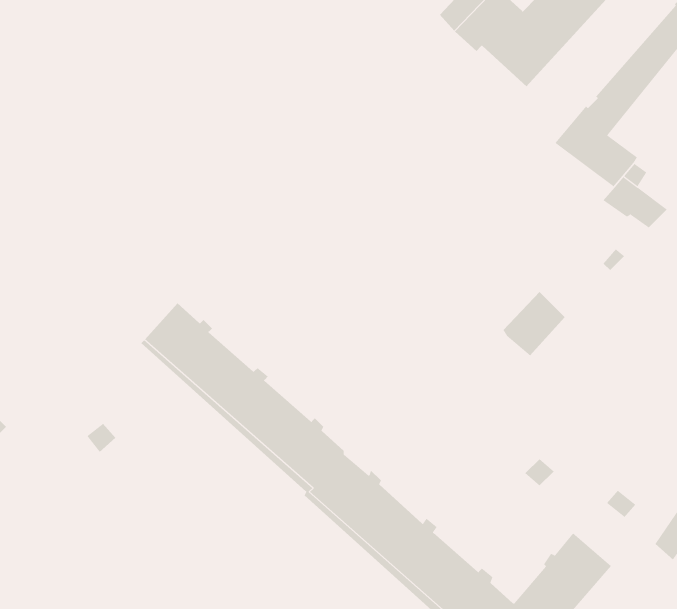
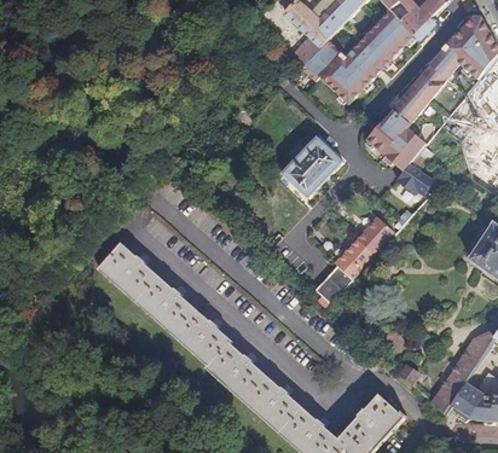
building: none -> [279,135,340,197]
building: none -> [357,214,394,252]
building: none -> [313,265,352,303]

